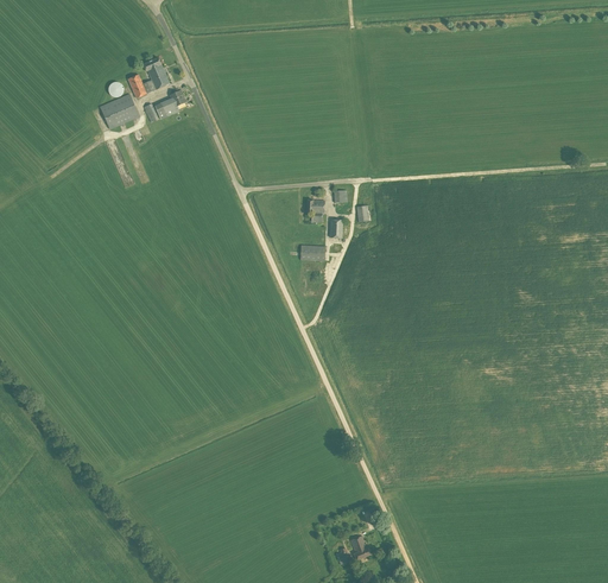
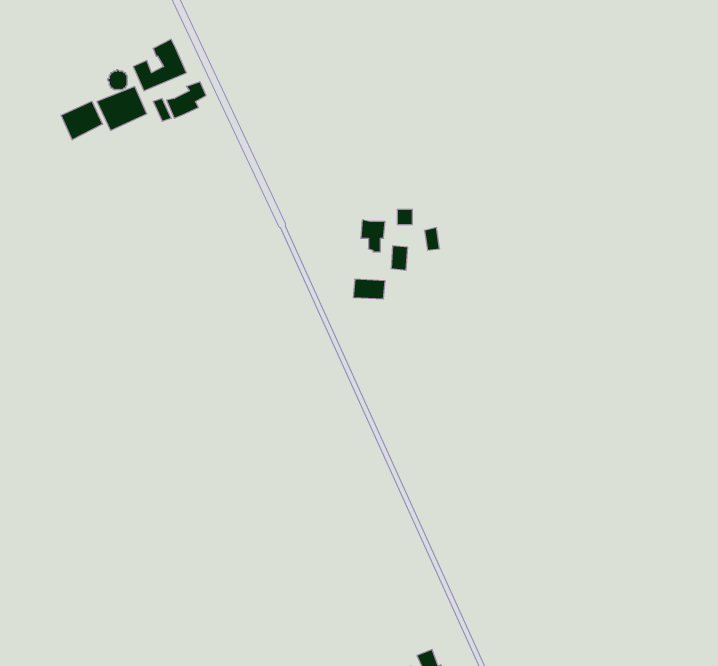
building: none -> [61,101,103,140]

